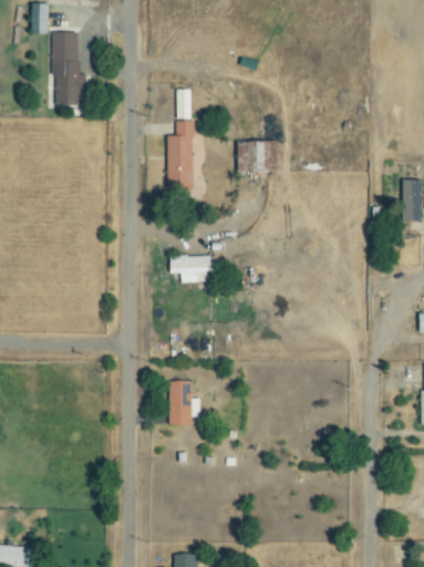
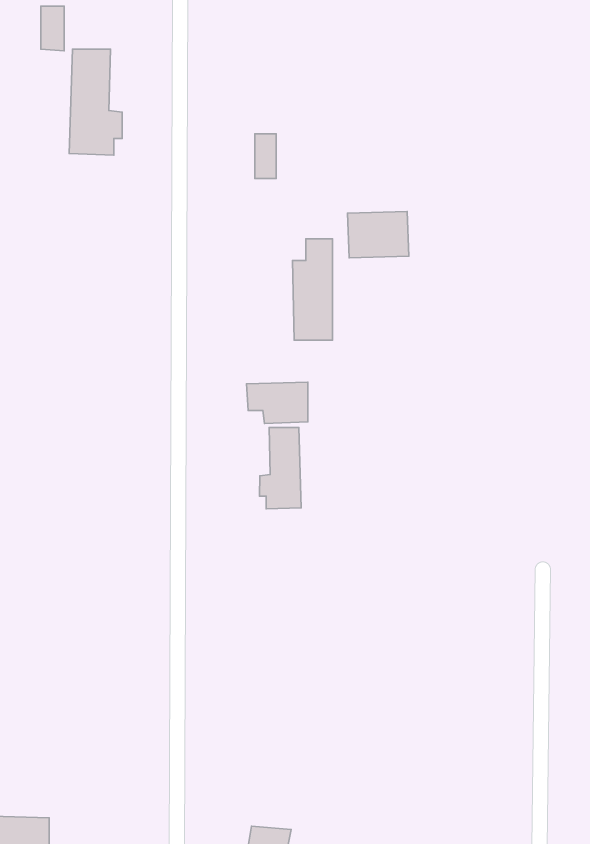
building: [167,122,194,189] -> [293,239,332,340]
building: none -> [260,428,301,509]
building: [168,382,200,426] -> none

